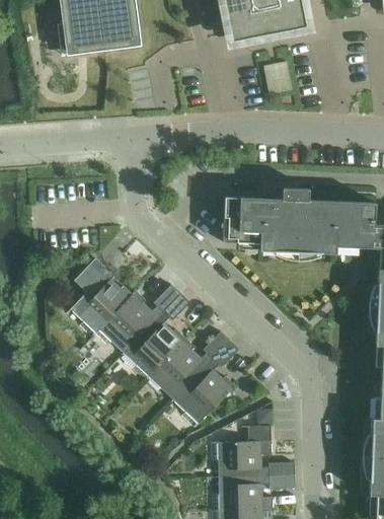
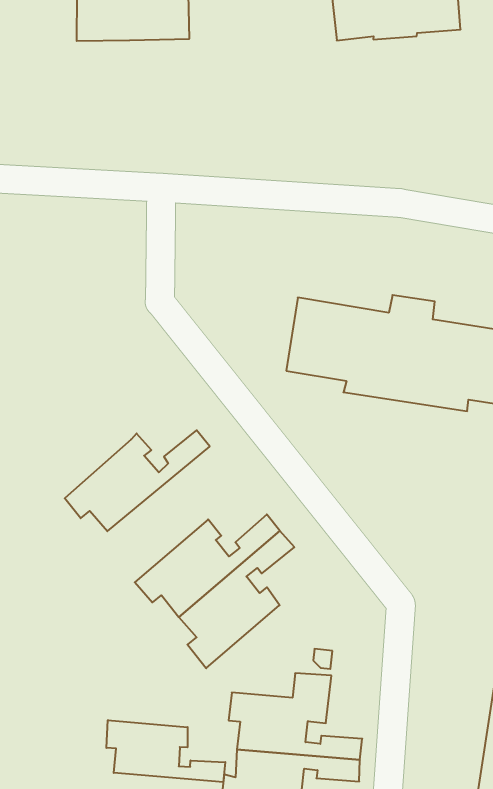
building: [70,258,132,338] -> none
building: [124,293,189,381] -> none
building: none -> [106,720,225,782]

